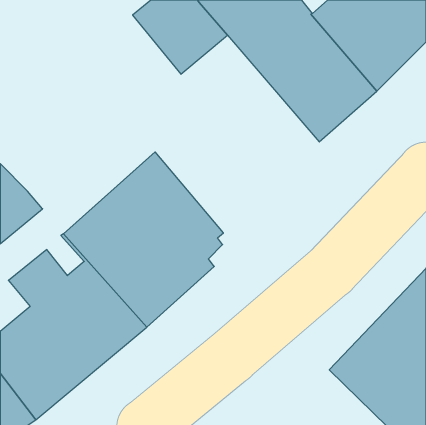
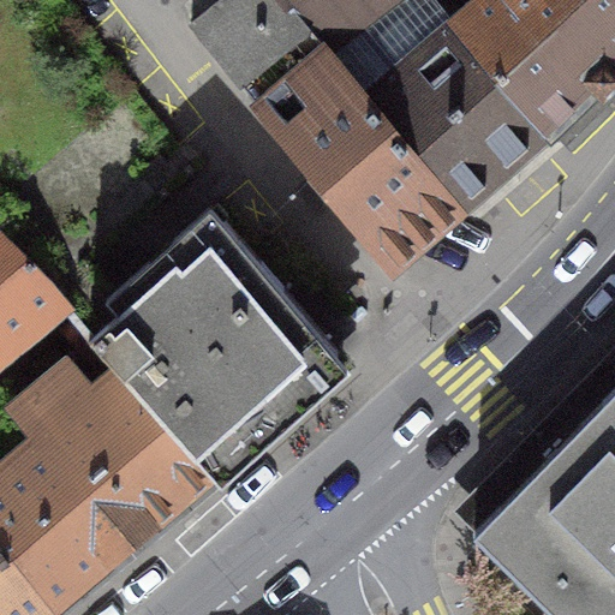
building: none -> [261,53,460,267]

